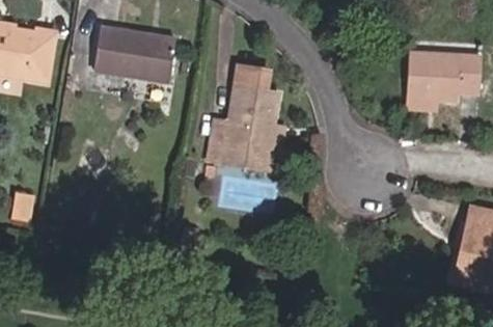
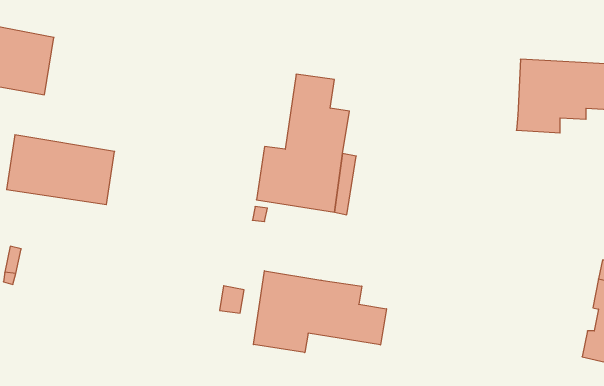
building: [93,27,175,80] -> [7,135,115,205]
building: none -> [253,271,386,353]

